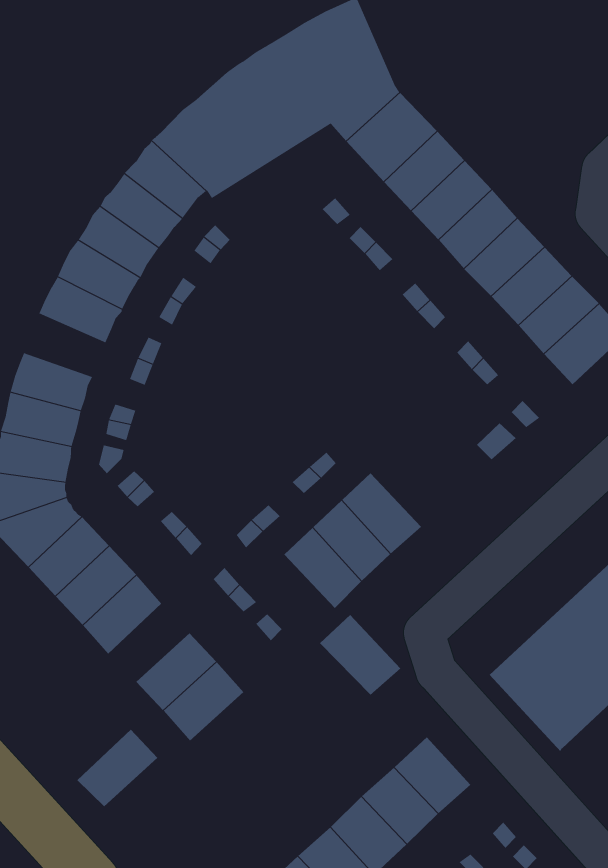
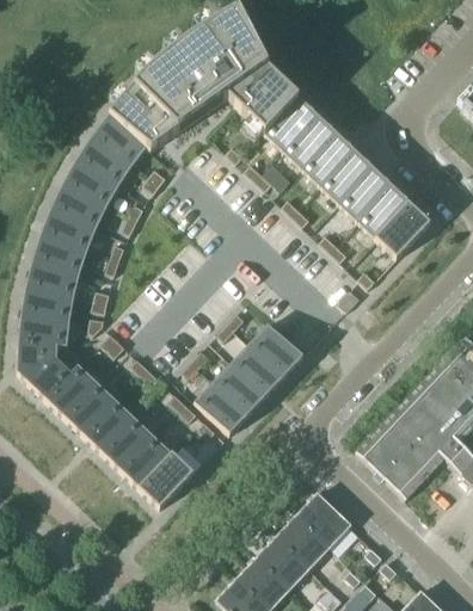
building: none -> [36,233,90,272]
building: [319,614,401,696] -> [196,381,251,433]
building: [77,729,158,807] -> [104,418,156,470]

